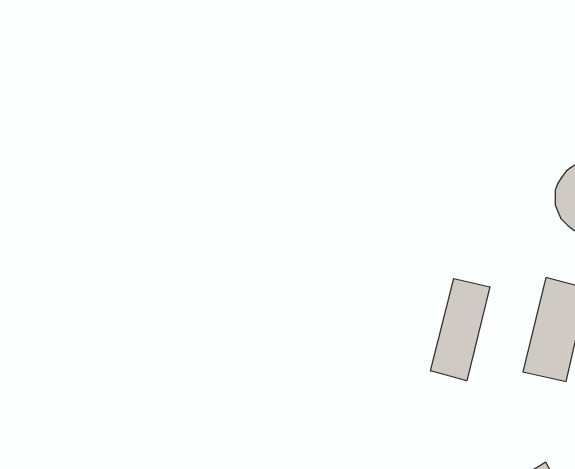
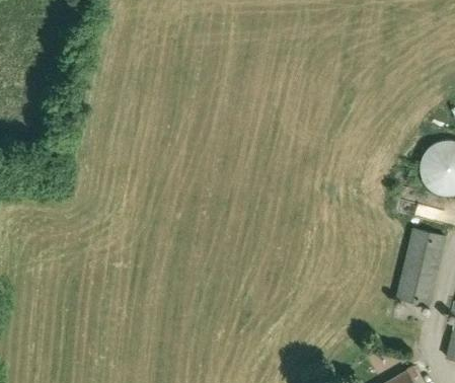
building: [431,279,490,381] -> none

